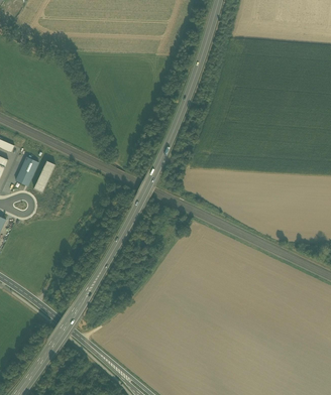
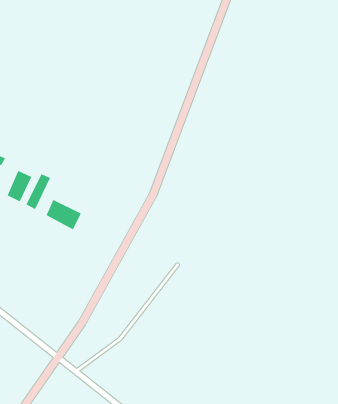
building: none -> [46,199,82,230]

